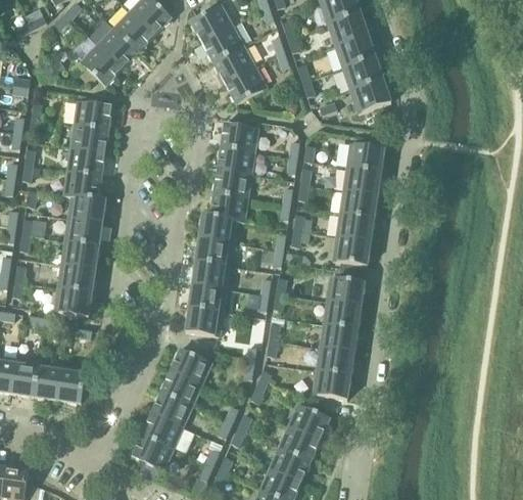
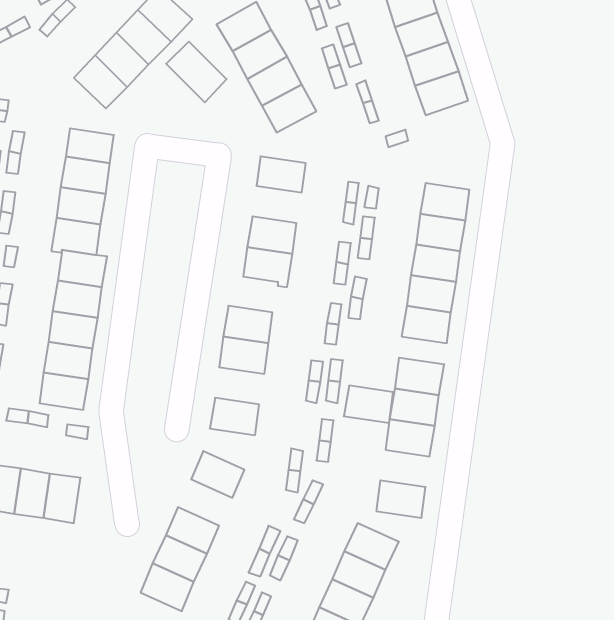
building: none -> [166,42,227,102]
building: [350,79,391,112] -> none
building: [218,144,255,173] -> none
building: [199,213,237,241] -> none
building: [189,283,227,312] -> none
building: [316,347,353,375] -> [344,386,393,423]
building: [160,369,202,405] -> none

